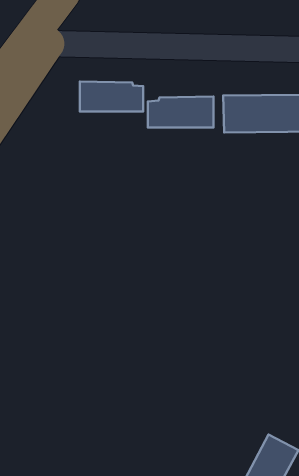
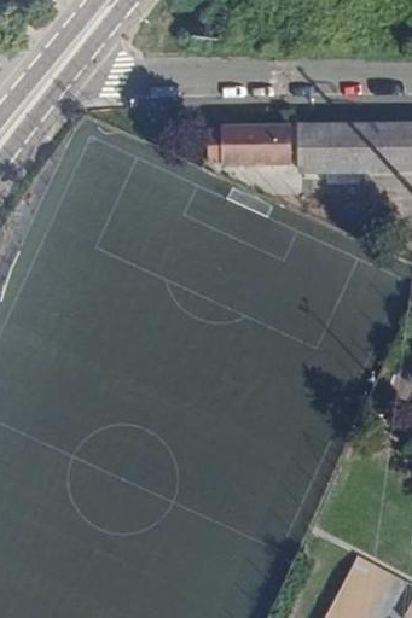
building: [80,82,143,111] -> none

